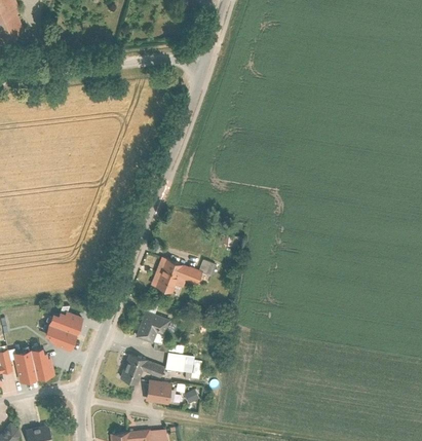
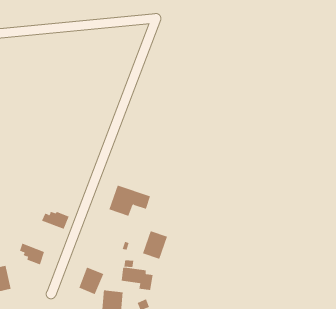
building: [131,310,161,344] -> [142,230,168,260]
building: [51,314,84,335] -> [41,211,69,230]
building: [33,348,54,378] -> none

